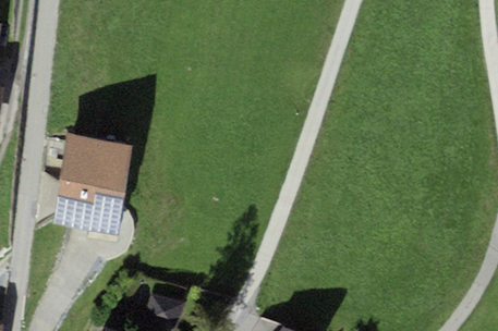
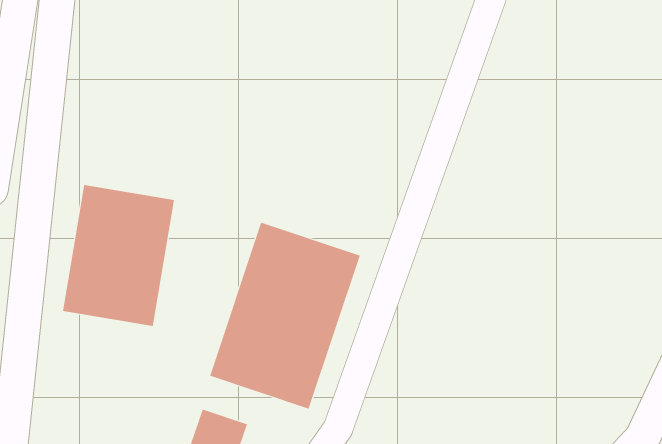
building: none -> [209,222,360,410]

